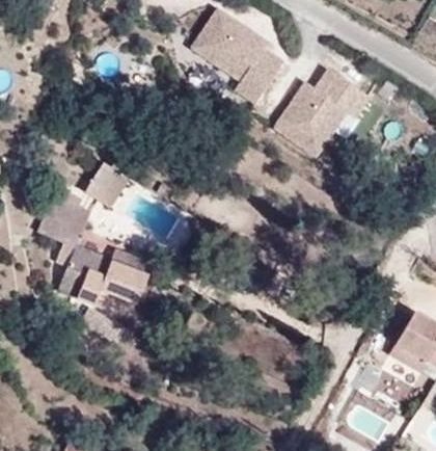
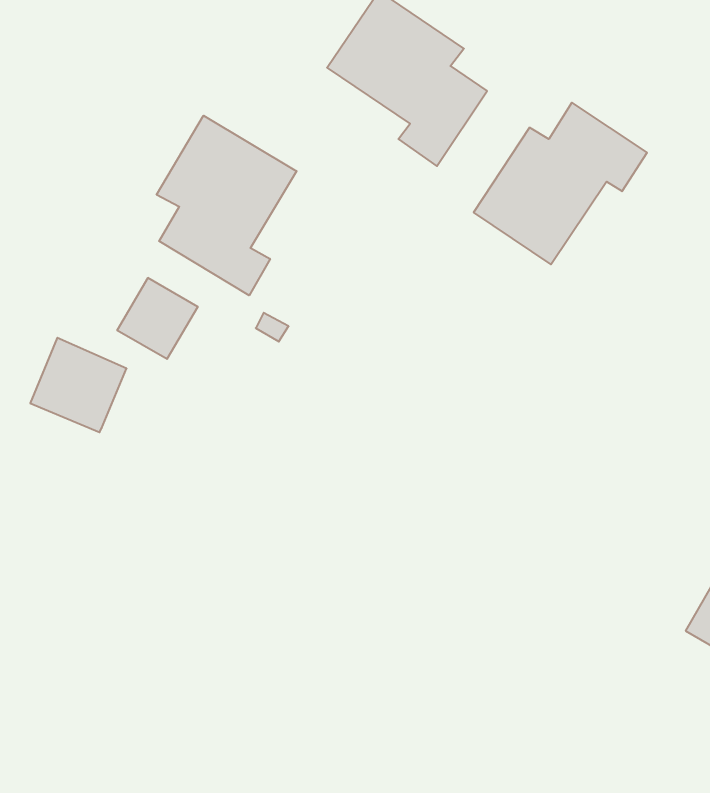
building: none -> [157,116,297,295]
building: [56,243,151,304] -> none

